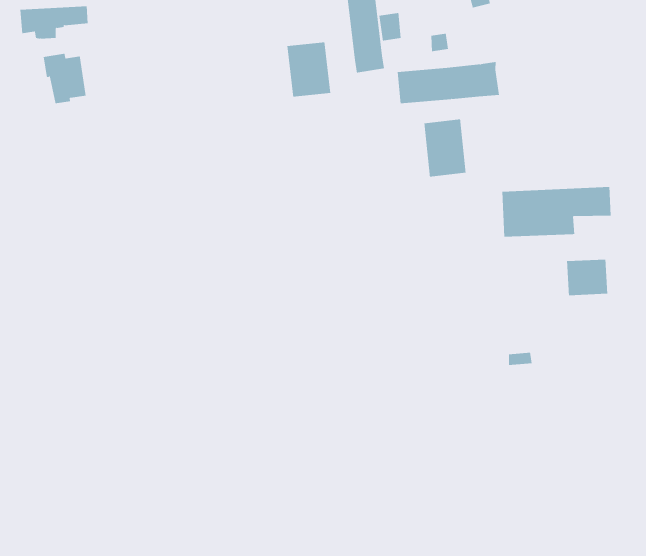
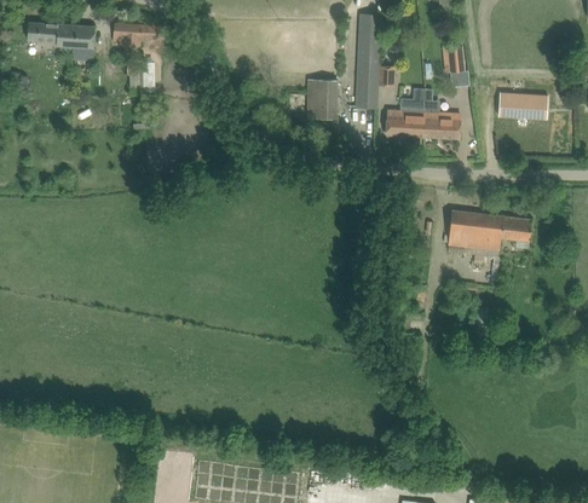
building: none -> [497,92,547,118]
building: [424,119,466,177] -> none
building: [567,259,608,296] -> none

